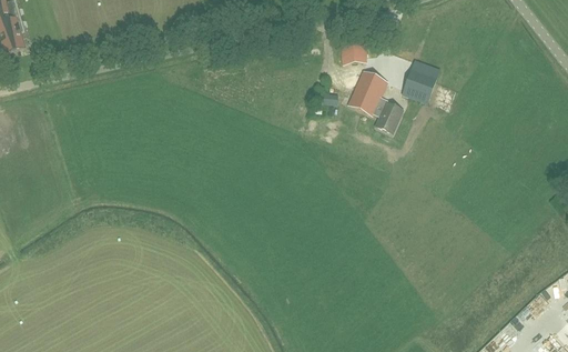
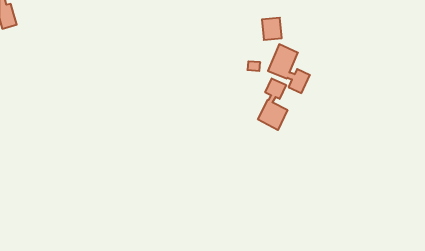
building: [403,61,439,102] -> none
building: none -> [258,78,287,130]

